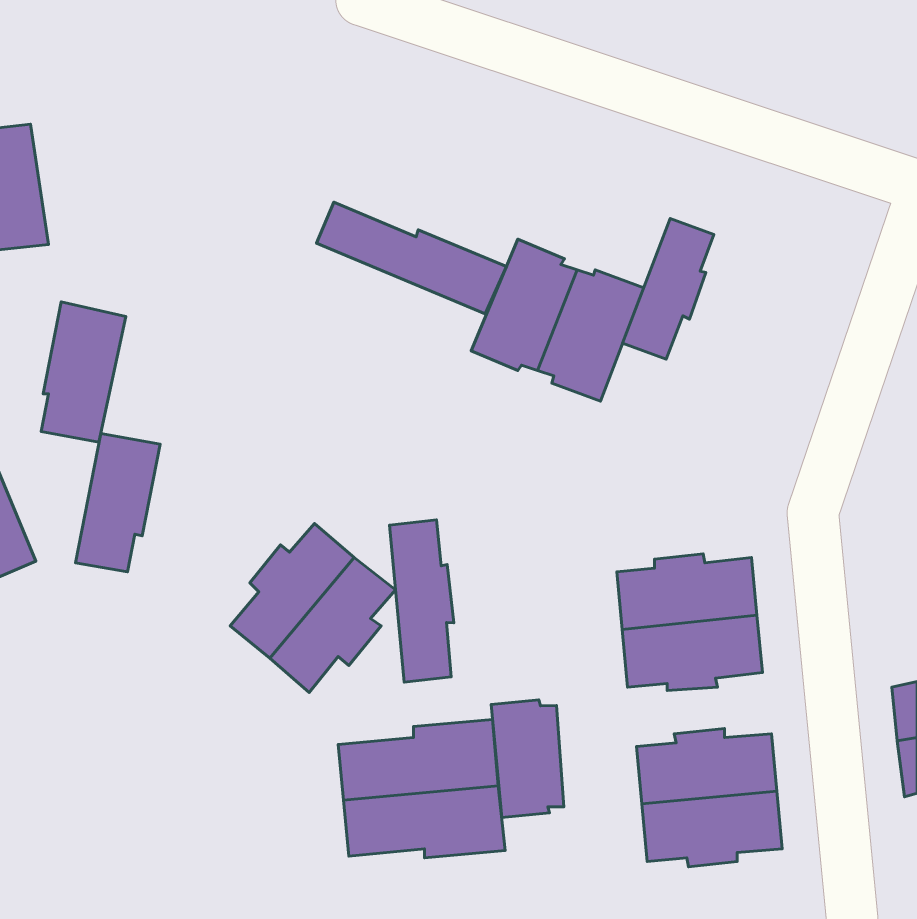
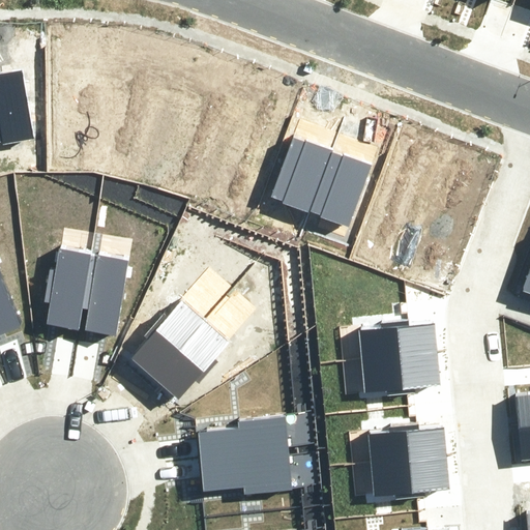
building: [316,202,506,314] -> none
building: [623,219,714,359] -> none
building: [41,302,126,442] -> [81,256,129,336]
building: [390,520,454,682] -> none
building: [491,700,564,817] -> none

